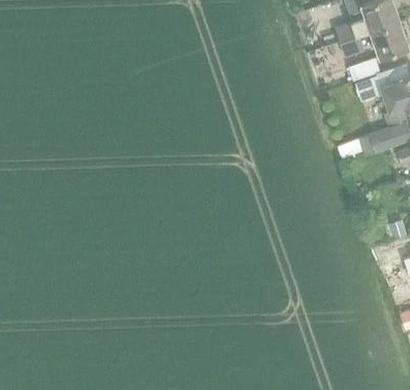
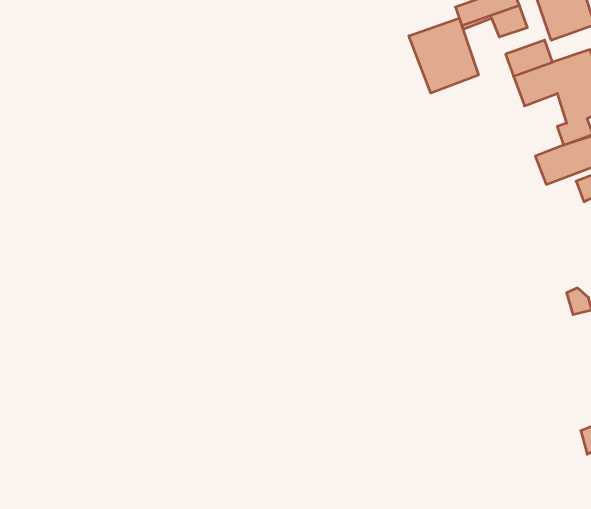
building: none -> [409,18,478,93]

